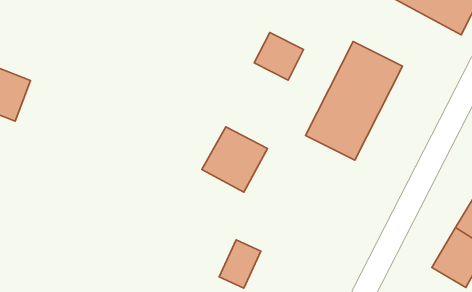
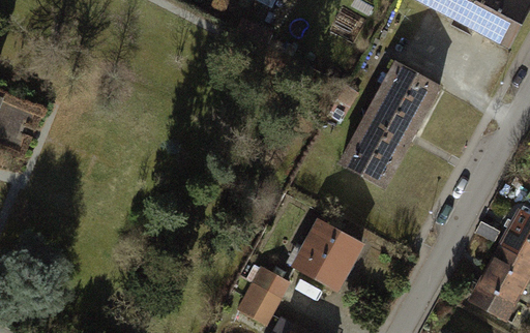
building: [254,32,304,80] -> none
building: [202,127,267,192] -> [297,219,369,291]

